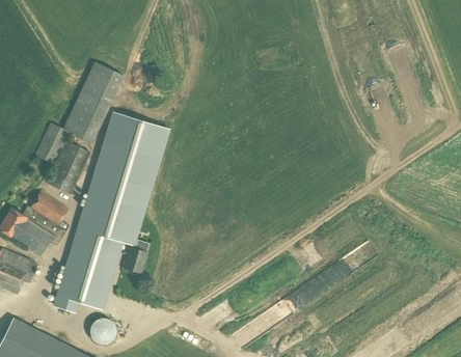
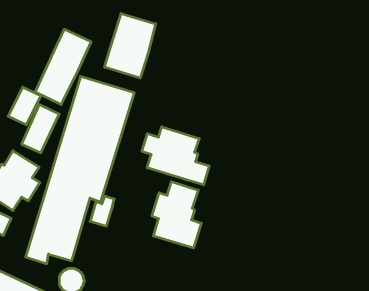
building: none -> [105,13,156,78]
building: none -> [142,127,209,185]
building: none -> [152,182,201,248]

